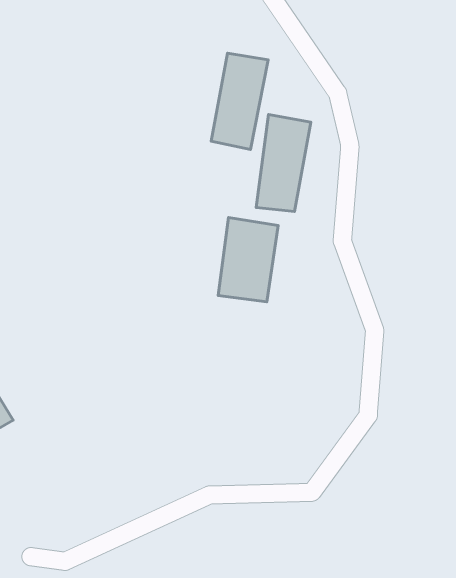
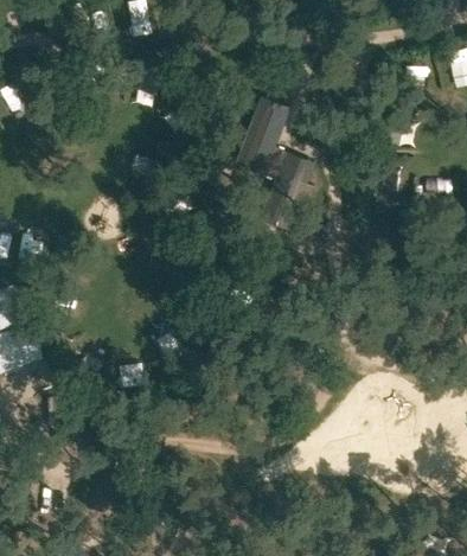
building: [218,217,278,302] -> none

